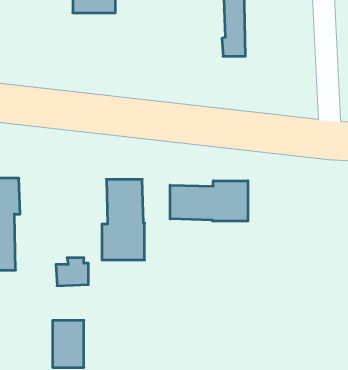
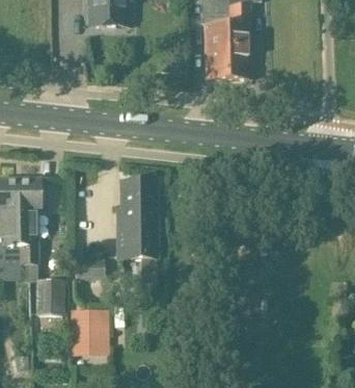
building: none -> [204,22,251,79]
building: [170,181,248,221] -> none
building: none -> [36,280,64,314]

